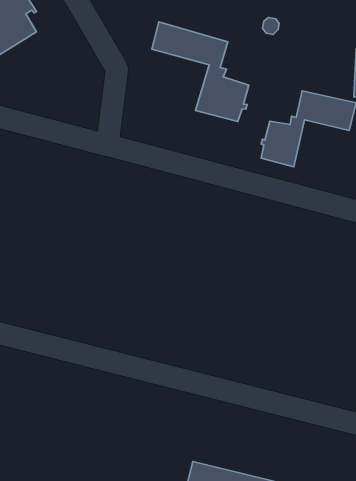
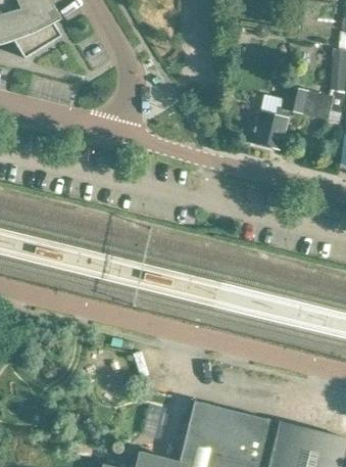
building: [152,22,249,122] -> none

